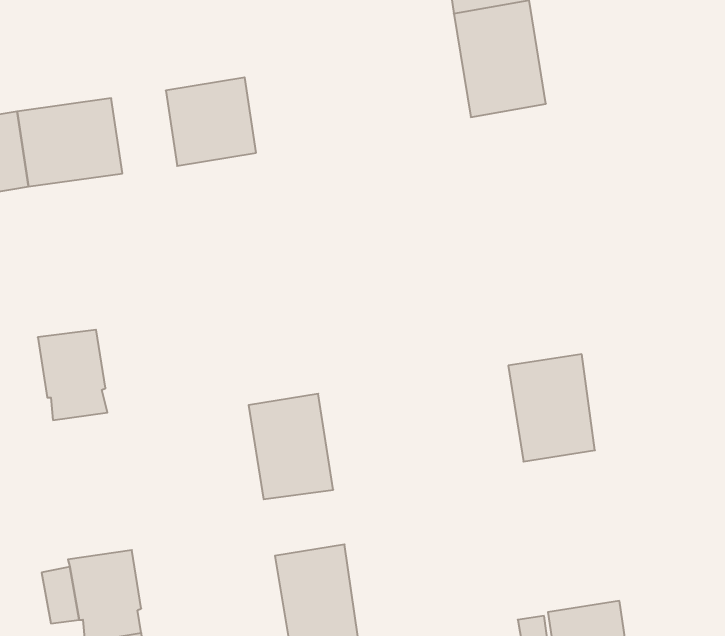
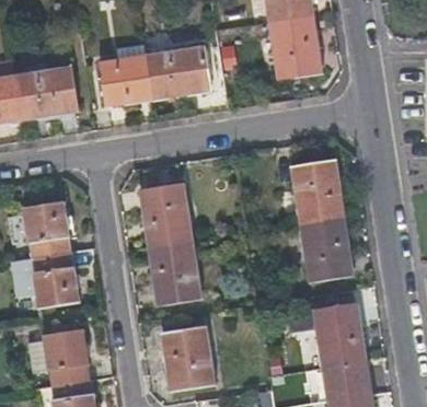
building: none -> [147,47,209,100]
building: none -> [291,161,343,223]
building: none -> [140,185,189,246]
building: none -> [16,251,76,306]
building: none -> [314,304,365,367]

